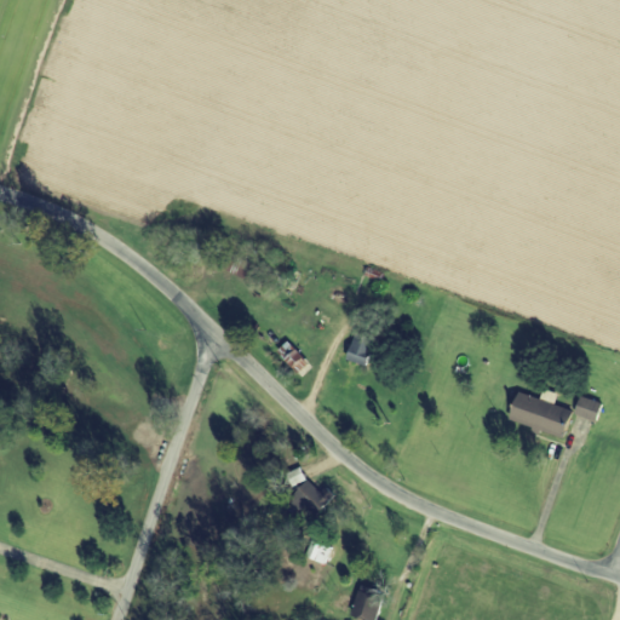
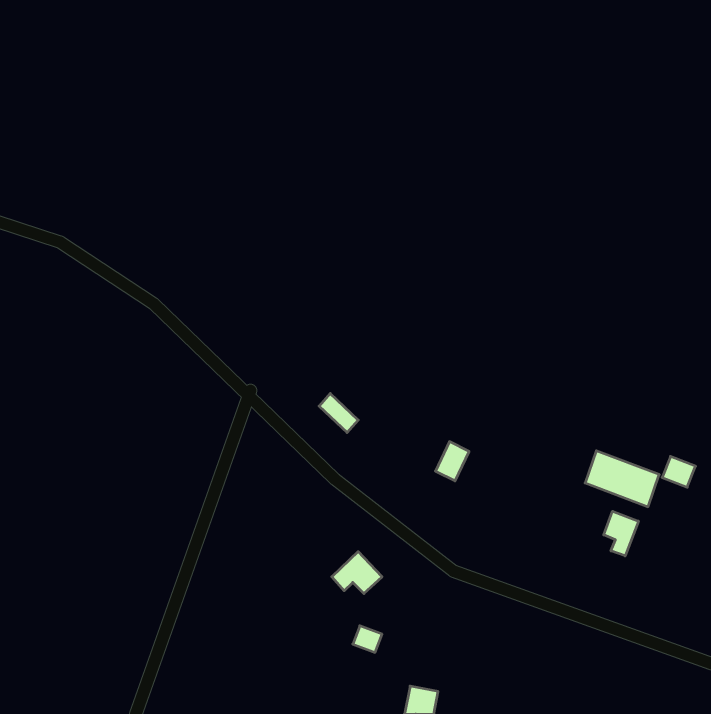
building: [344,332,373,366] -> [435,442,469,481]
building: none -> [604,511,638,556]

